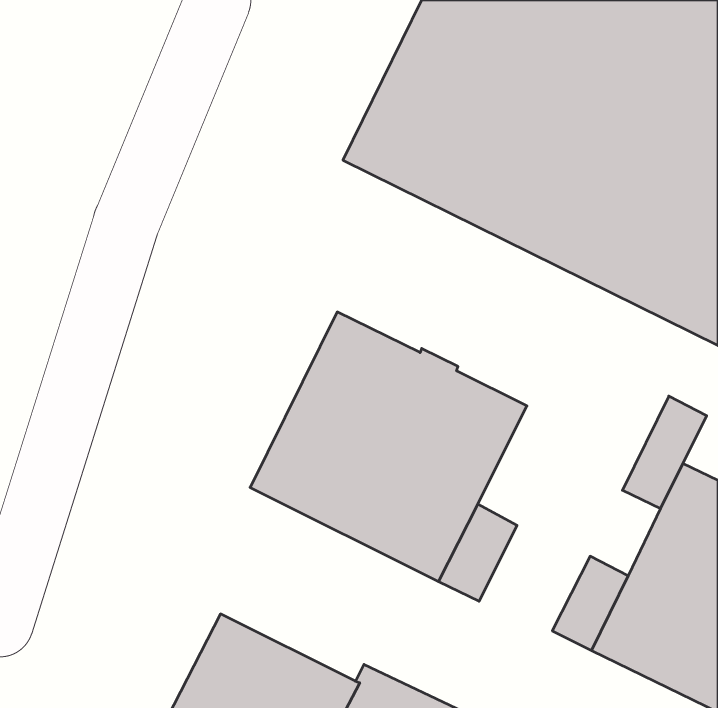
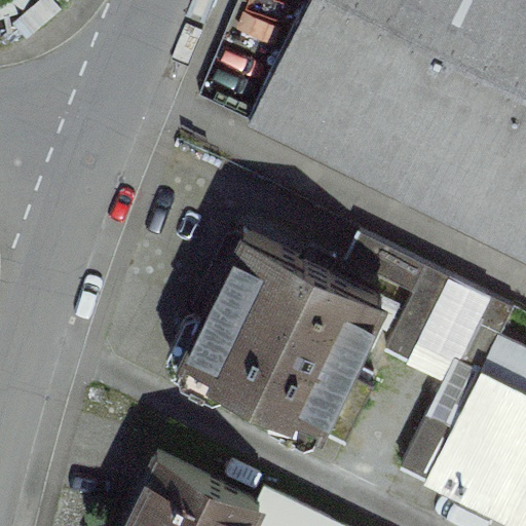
building: none -> [349,235,457,365]

